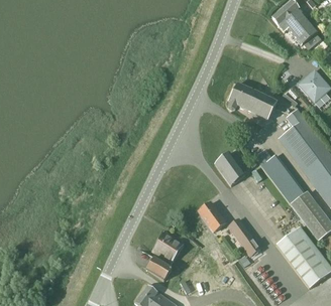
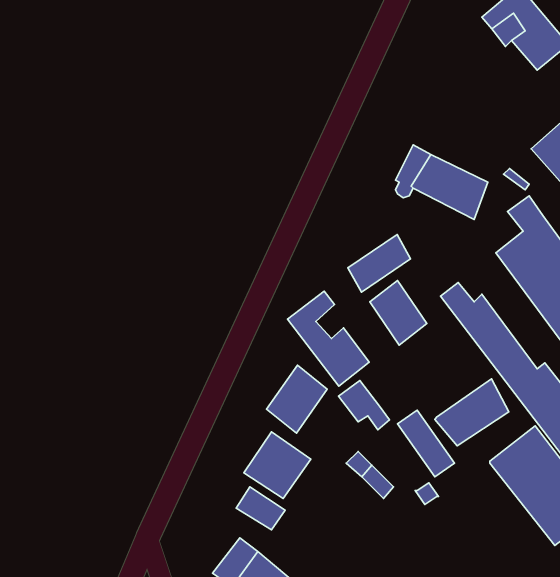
building: none -> [348,234,411,292]
building: none -> [287,291,369,386]
building: none -> [267,365,327,433]
building: none -> [435,379,509,446]

